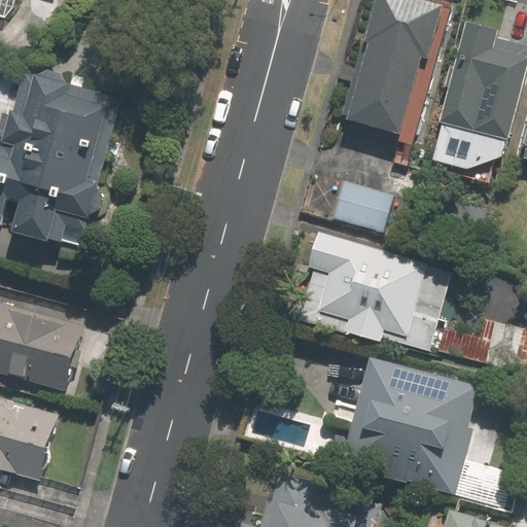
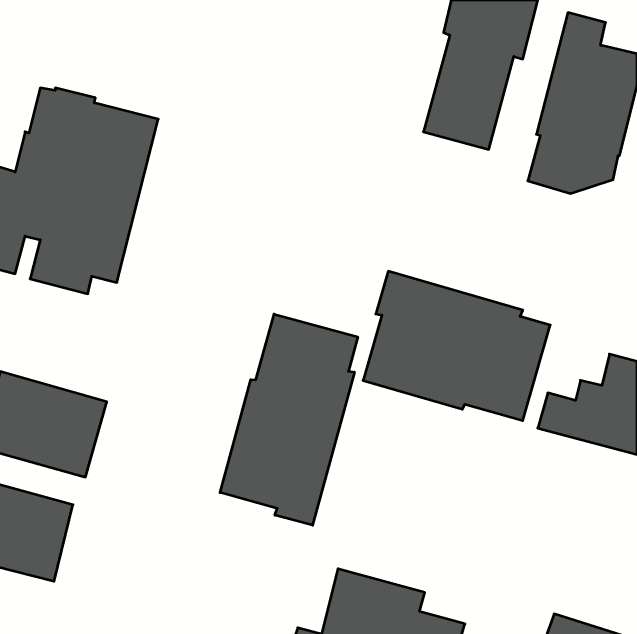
building: [330,181,393,235] -> none
building: none -> [220,314,358,525]
building: [341,352,517,507] -> none

